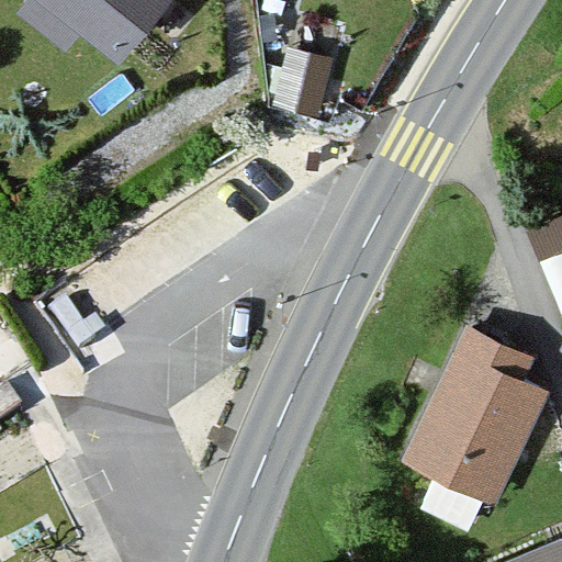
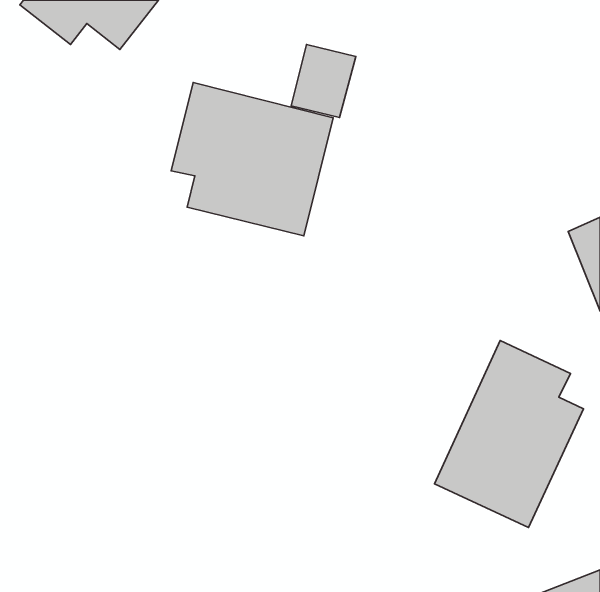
building: none -> [171,82,333,236]

